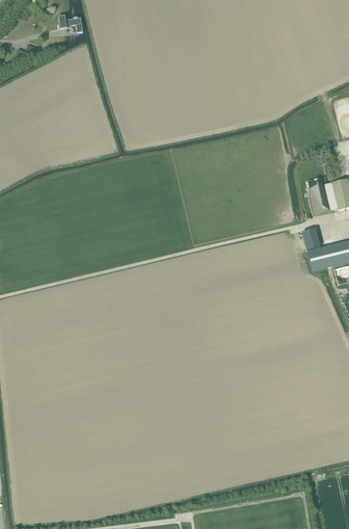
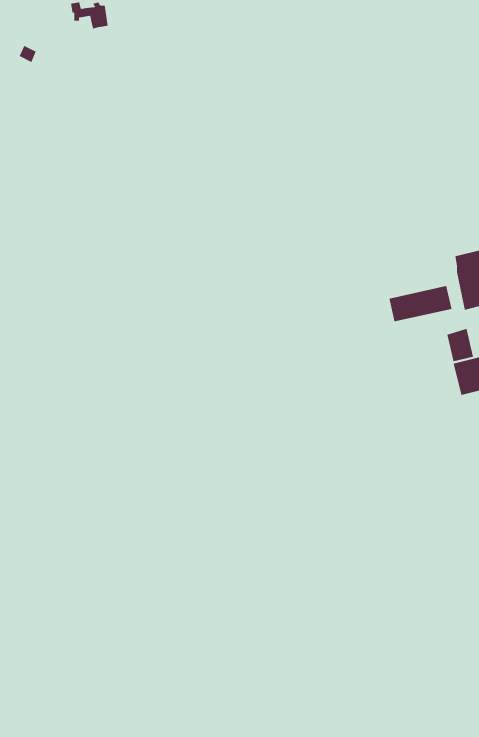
building: none -> [389,285,452,322]

